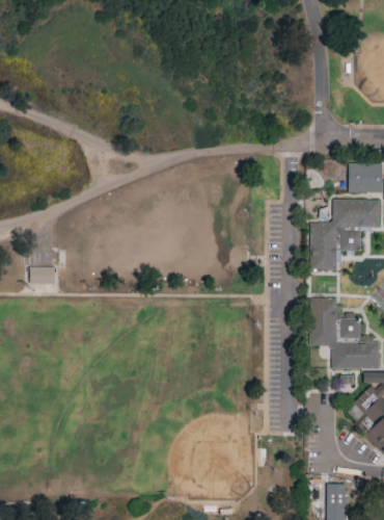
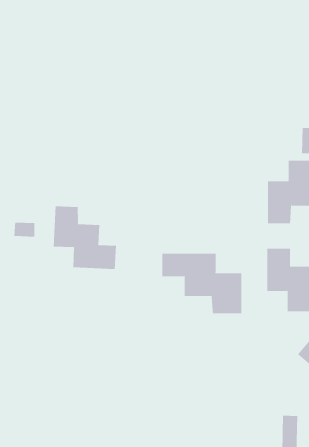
building: none -> [53,205,116,270]
building: none -> [162,253,242,314]

